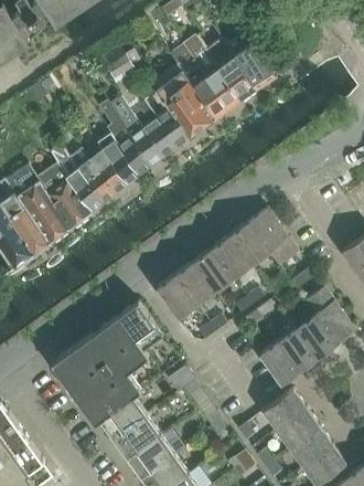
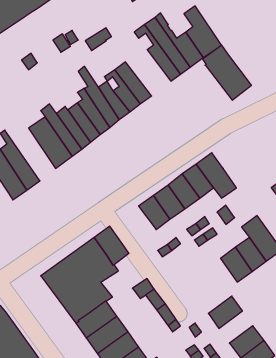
building: [154,67,216,137] -> [203,45,251,100]
building: [7,166,71,244] -> none
building: [157,276,197,319] -> none
building: [260,342,300,385] -> none
building: [277,409,320,450] -> none

